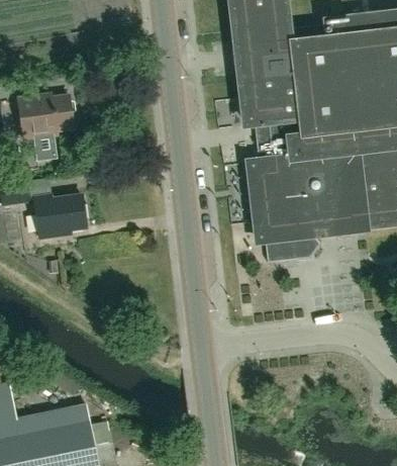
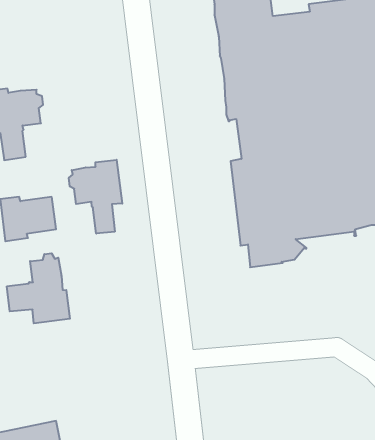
building: none -> [69,160,122,234]
building: none -> [7,253,70,323]

